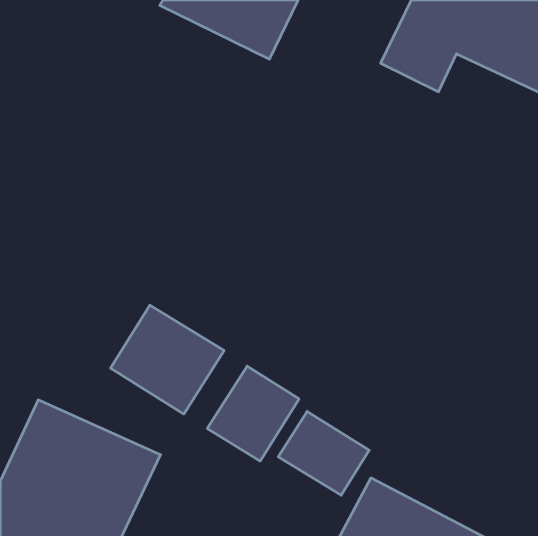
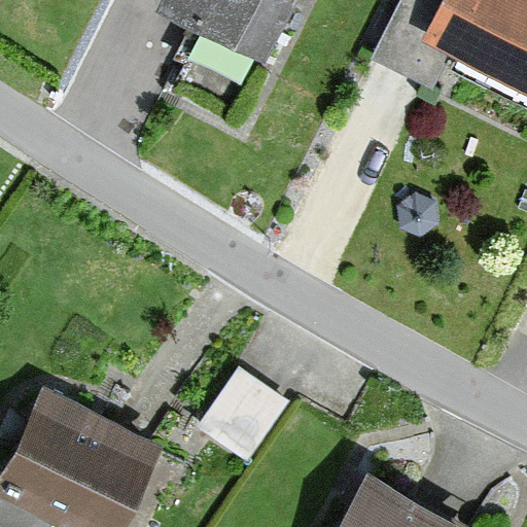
building: [111,305,224,414] -> none
building: [278,411,369,495] -> none

